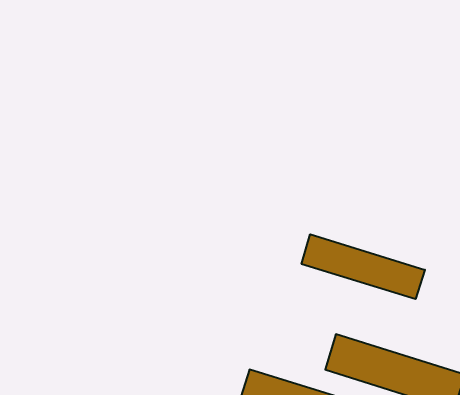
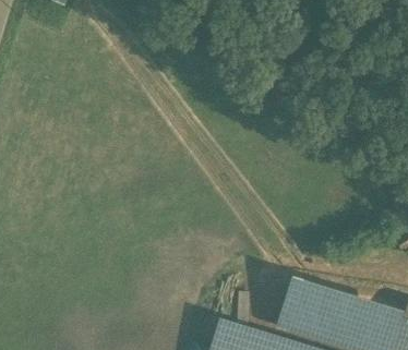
building: [302,234,425,299] -> none

